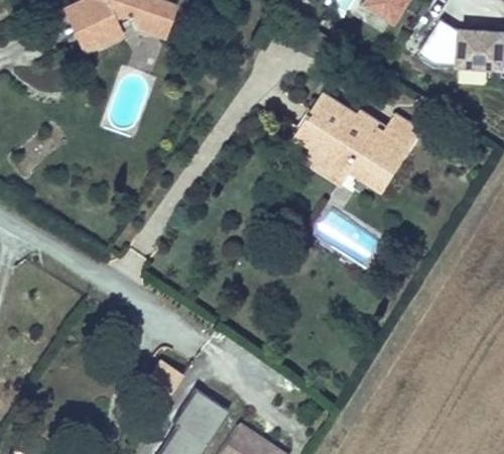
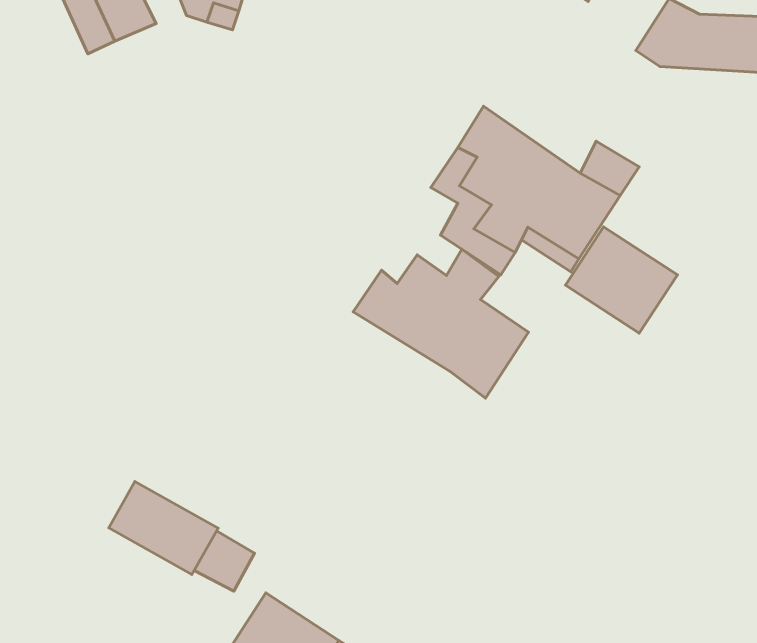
building: none -> [565,227,677,333]
building: none -> [353,249,528,398]
building: none -> [109,482,218,574]

